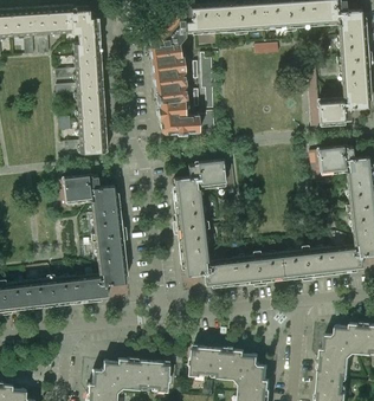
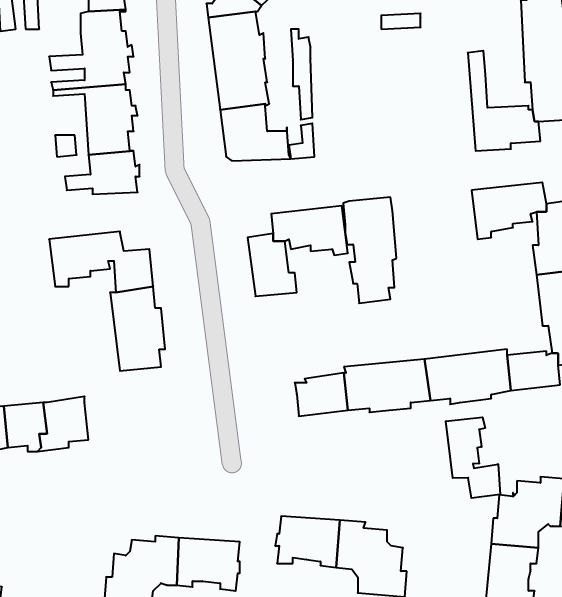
building: [174,212,206,276] -> [343,197,396,303]
building: [75,257,125,300] -> none
building: none -> [446,417,500,498]

